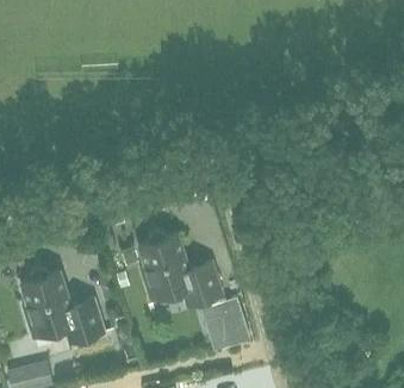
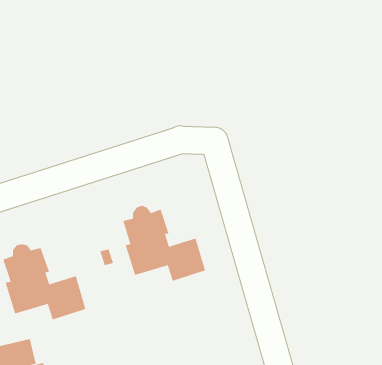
building: [201,298,250,344] -> none

